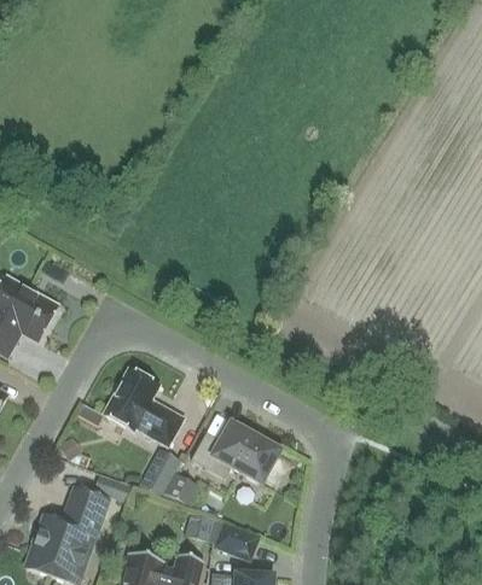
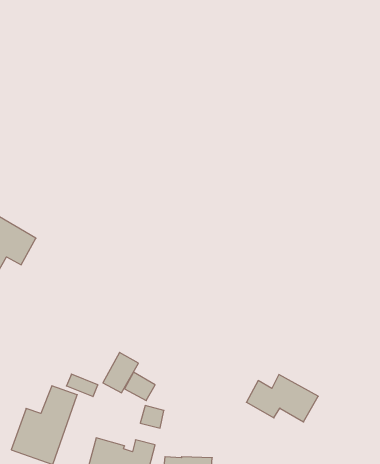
building: [101,368,184,446] -> none
building: [190,425,278,482] -> [246,375,318,422]
building: [215,522,257,558] -> none

